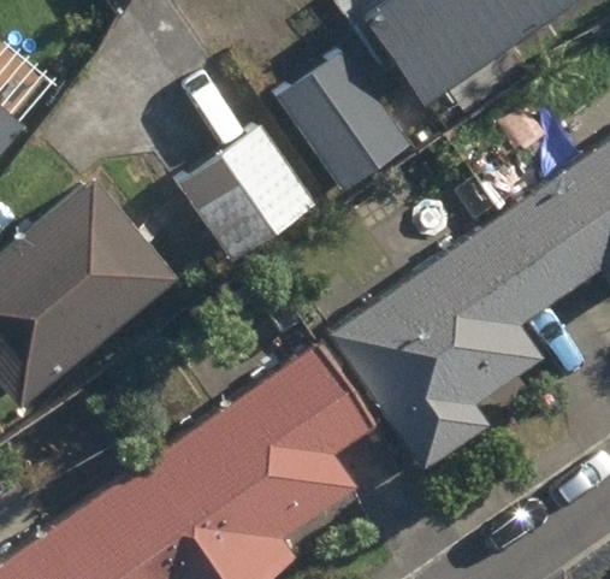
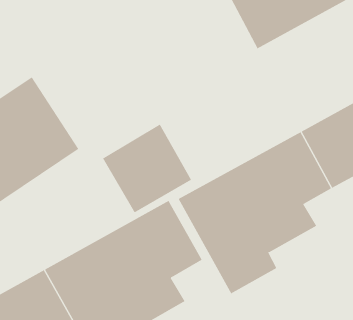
building: [279,52,410,191] -> none
building: [178,125,314,261] -> [102,124,192,213]

